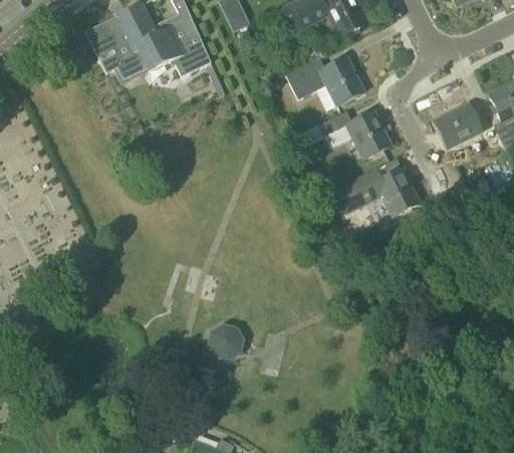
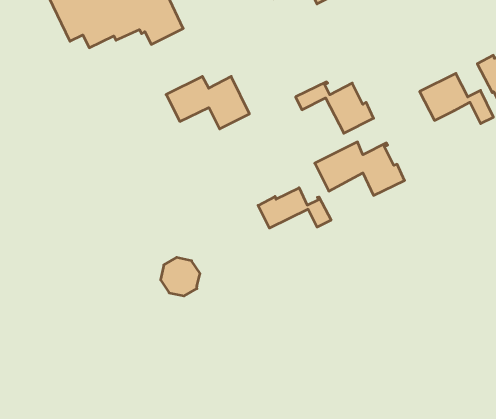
building: [285,56,363,105] -> [166,76,249,129]
building: none -> [258,188,331,228]
building: [207,323,244,360] -> [161,257,200,296]

